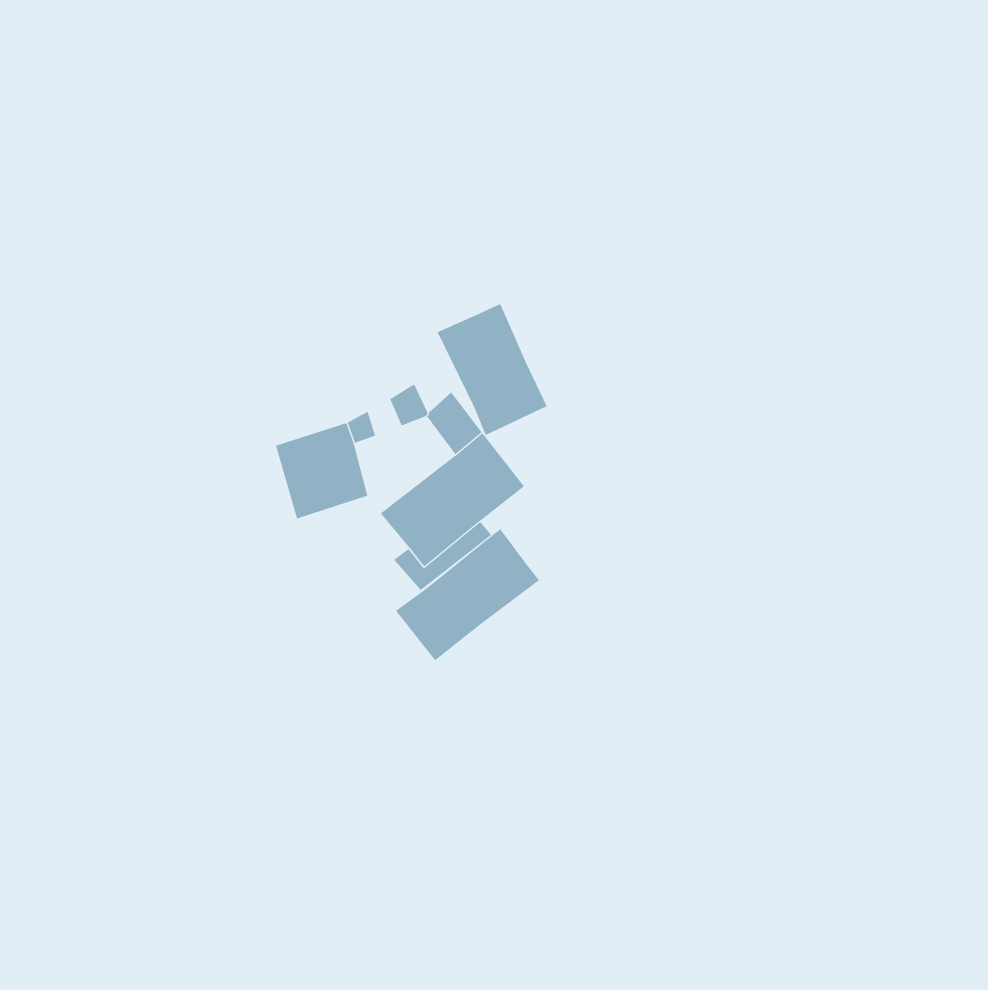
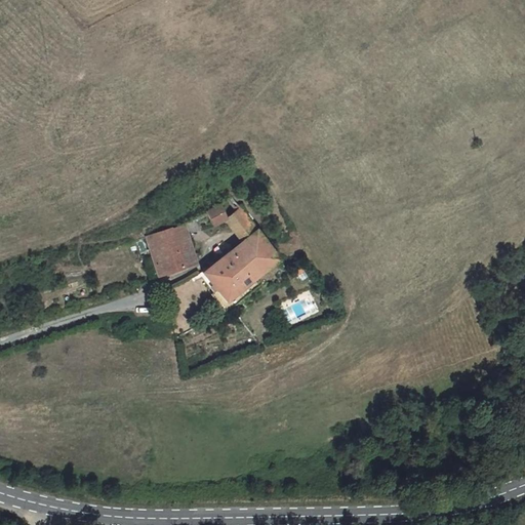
building: [437,303,547,436] -> none
building: [395,528,540,661] -> none

